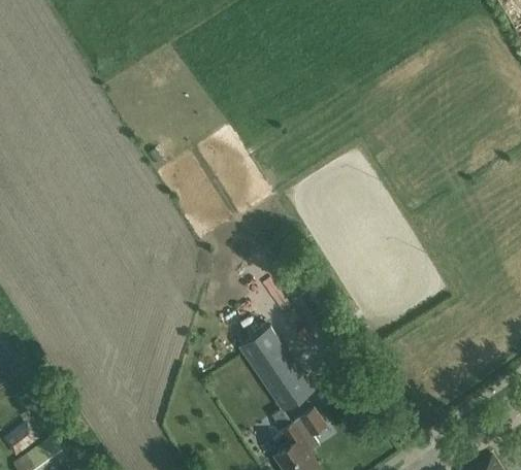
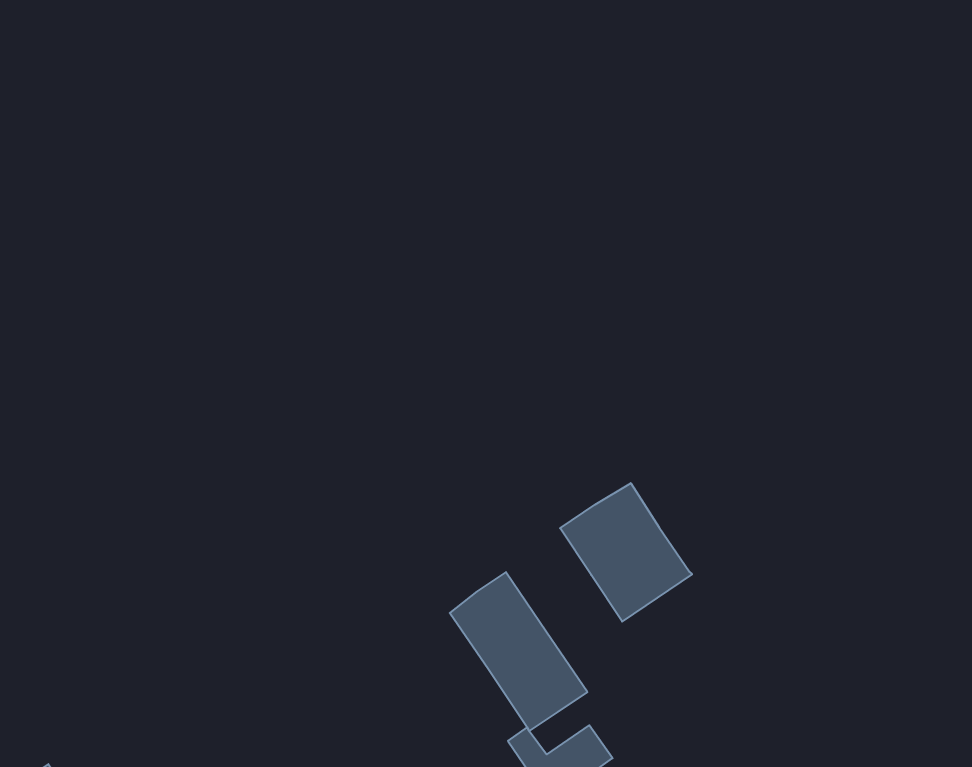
building: none -> [560,483,692,622]

